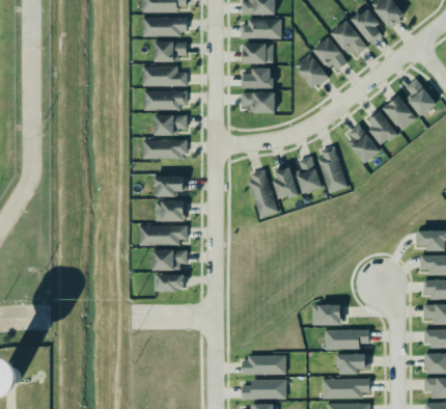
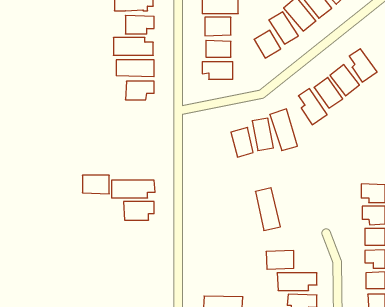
building: [142,139,184,159] -> none
building: [248,169,276,217] -> [255,188,280,230]
building: [155,175,186,195] -> none
building: [155,200,185,221] -> [82,175,109,194]
building: [156,274,184,291] -> none

